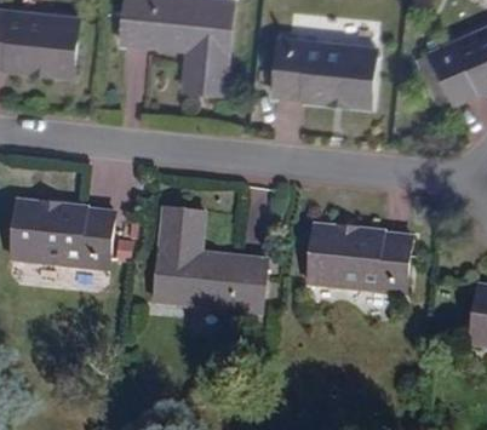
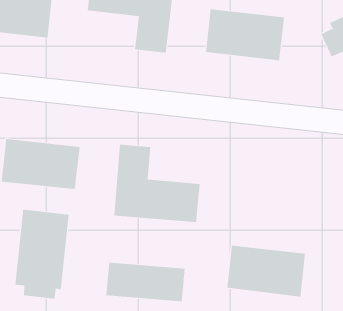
building: [308,225,409,292] -> [226,245,306,297]
building: none -> [15,209,69,300]
building: none -> [106,262,185,302]

